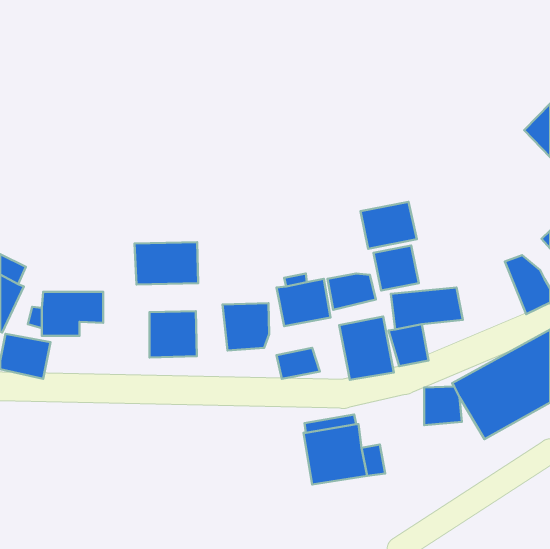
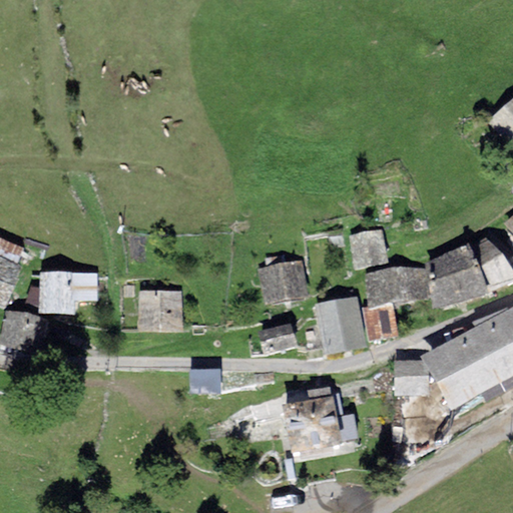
building: [361,202,417,249] -> none
building: [135,242,198,284] -> none
building: none -> [423,243,490,309]
building: [328,274,376,310] -> none
building: [222,303,269,351] -> none
building: none -> [189,368,221,395]

